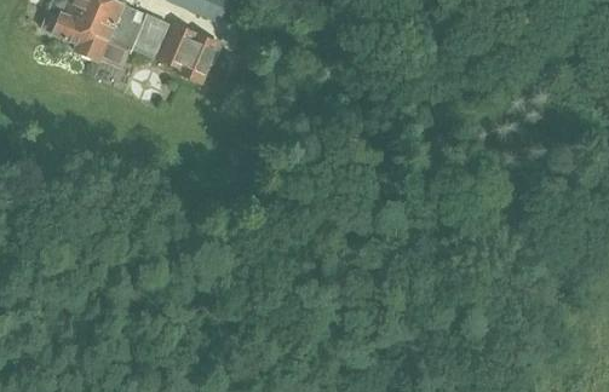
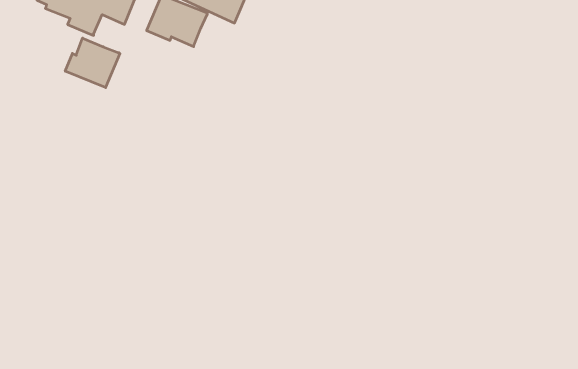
building: none -> [65,38,120,88]

